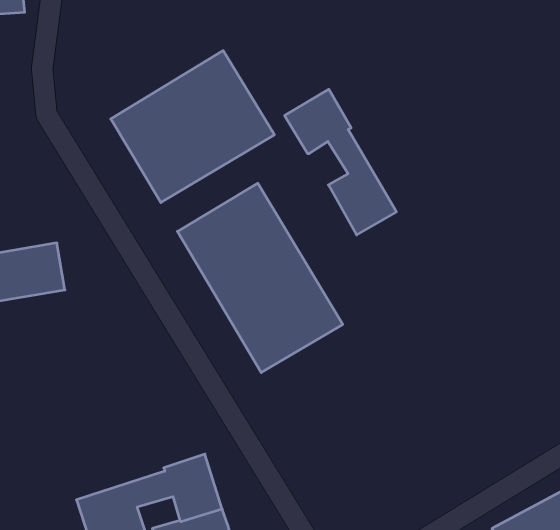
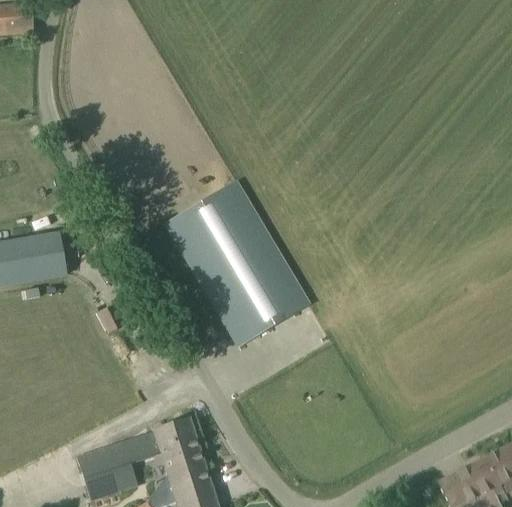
building: [111,51,274,203] -> none
building: [285,89,396,235] -> none

